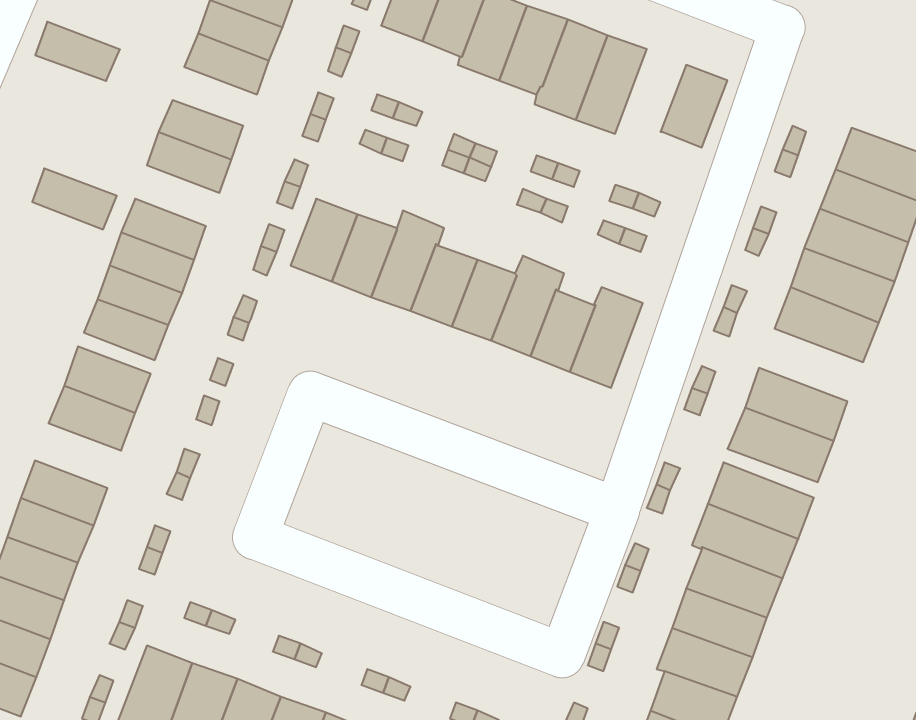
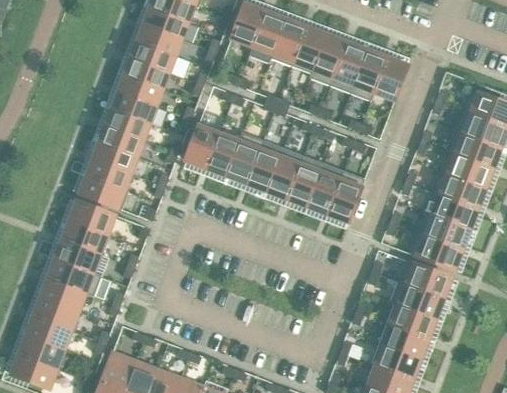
building: [35,22,120,81] -> [125,58,168,88]
building: none -> [350,49,386,100]
building: [32,168,117,229] -> [106,108,149,139]
building: none -> [423,191,476,228]
building: none -> [55,239,99,272]

